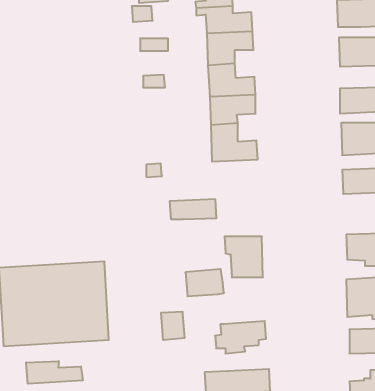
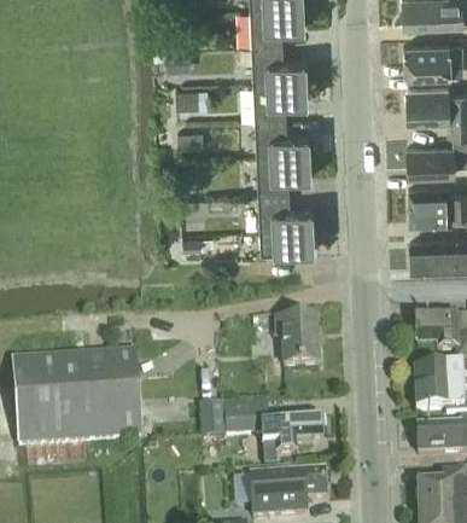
building: [170,199,217,219] -> [259,227,314,250]
building: [185,269,224,296] -> [226,402,270,434]
building: [26,361,83,384] -> none

